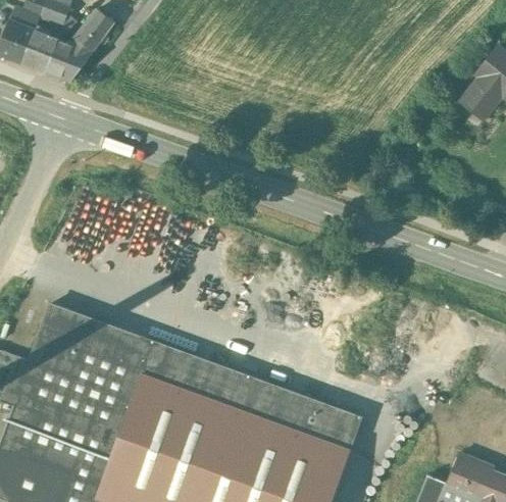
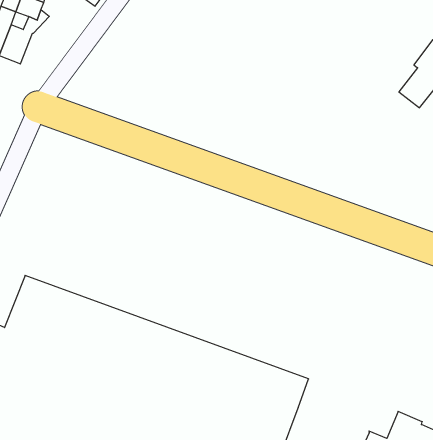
building: [46,10,115,82] -> none

